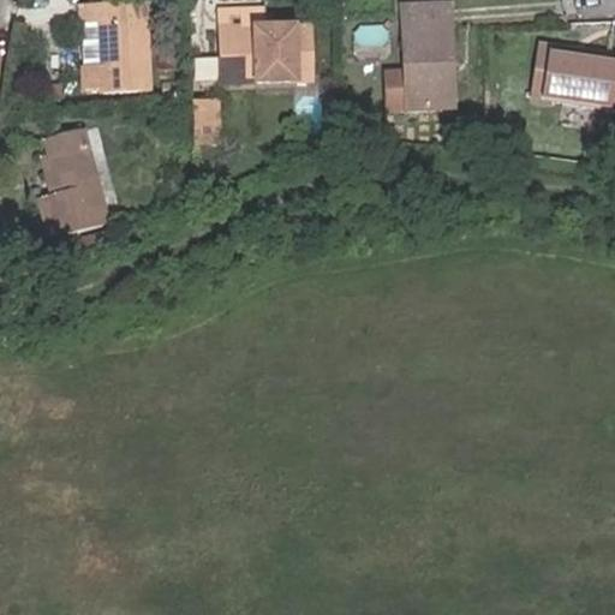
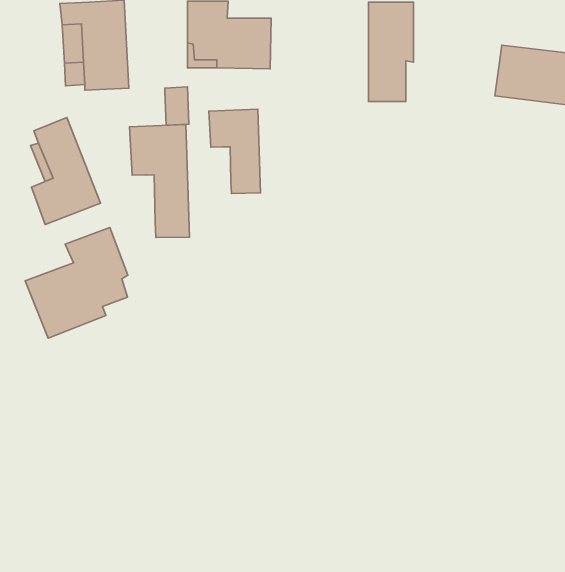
building: none -> [209,109,261,193]
building: none -> [130,124,189,238]
building: none -> [25,228,128,338]

